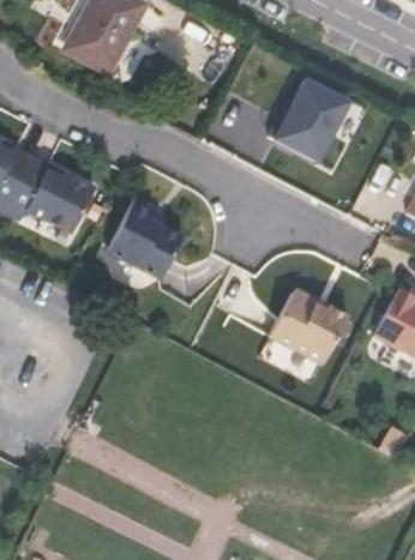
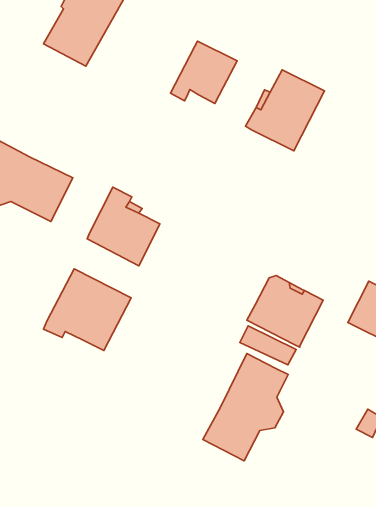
building: none -> [171,41,237,103]
building: none -> [43,269,131,350]
building: none -> [203,353,288,461]

